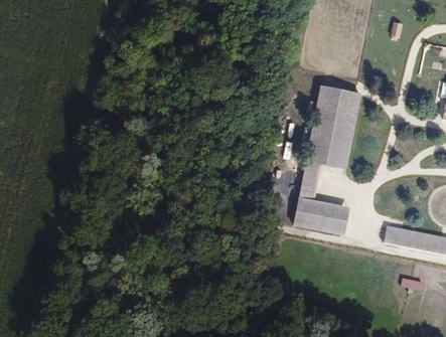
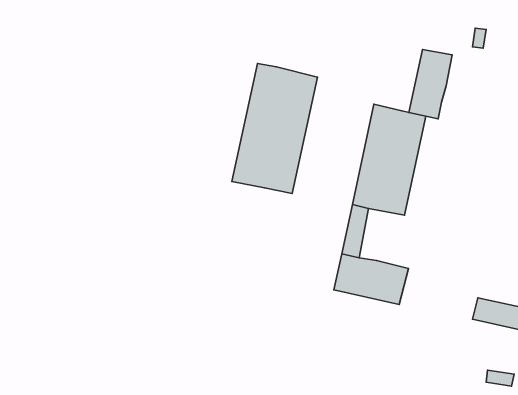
building: none -> [409,49,452,119]
building: none -> [232,63,317,194]

